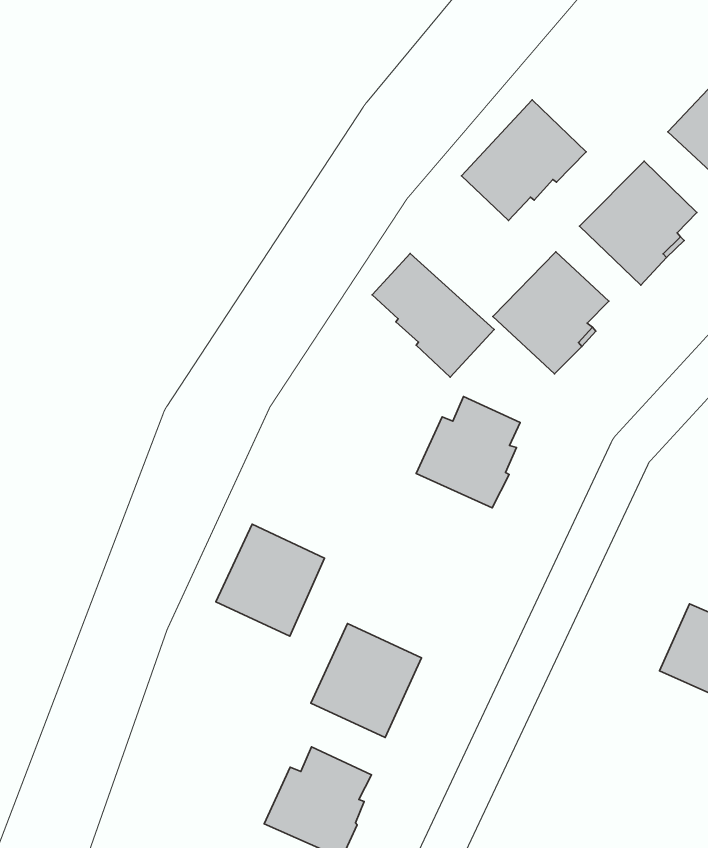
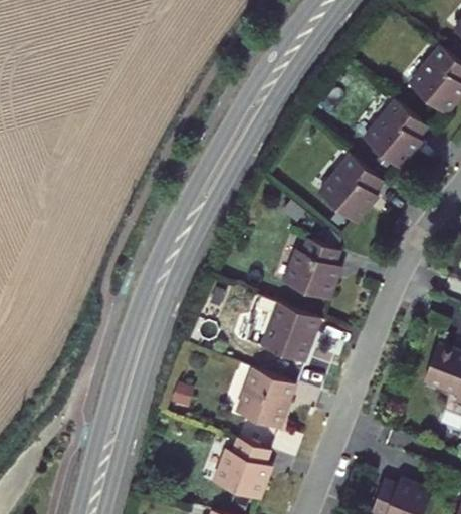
building: [461,100,586,221] -> none
building: [372,253,494,377] -> none
building: [216,524,325,636] -> [258,302,316,362]

